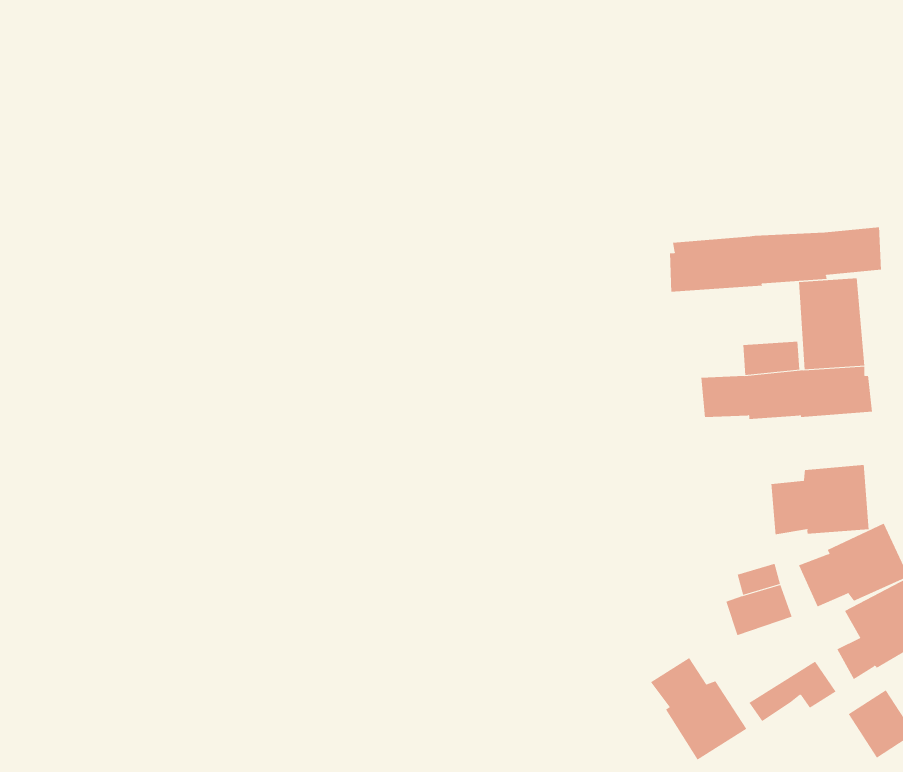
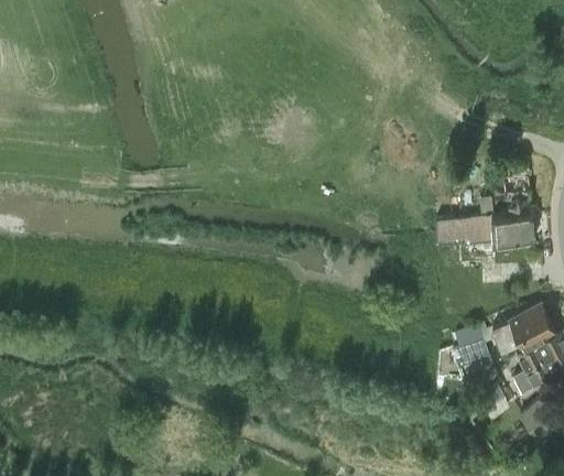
building: [669,227,882,292] -> none
building: [771,464,869,535] -> none
building: [650,657,747,760] -> none

